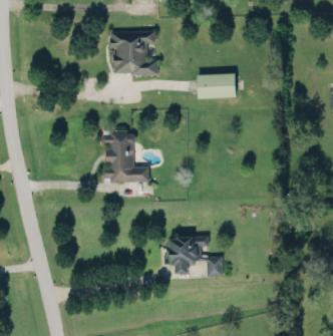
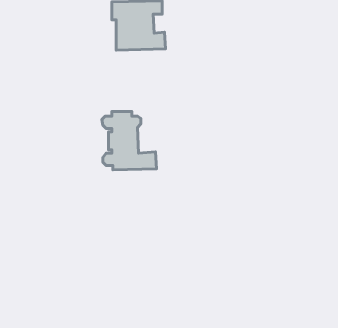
building: [197,73,236,98] -> none
building: [171,236,224,277] -> none

